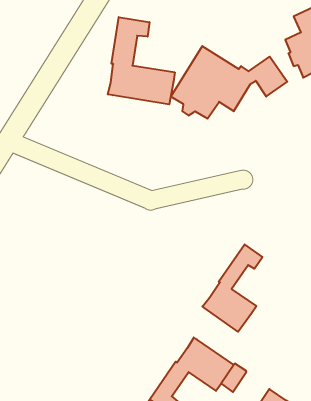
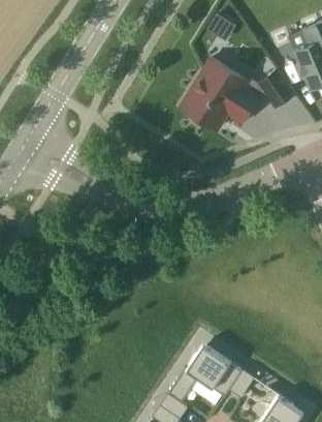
building: [108,17,175,104] -> none
building: [202,244,262,332] -> none

